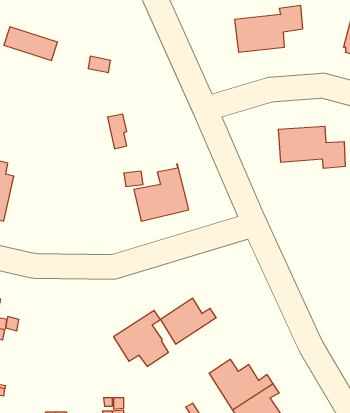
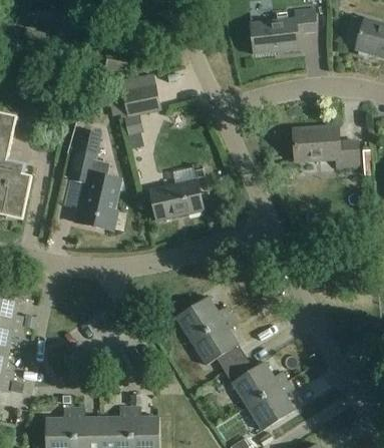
building: none -> [122,84,160,116]
building: none -> [69,127,120,231]
building: [114,310,168,366] -> [190,315,245,370]

